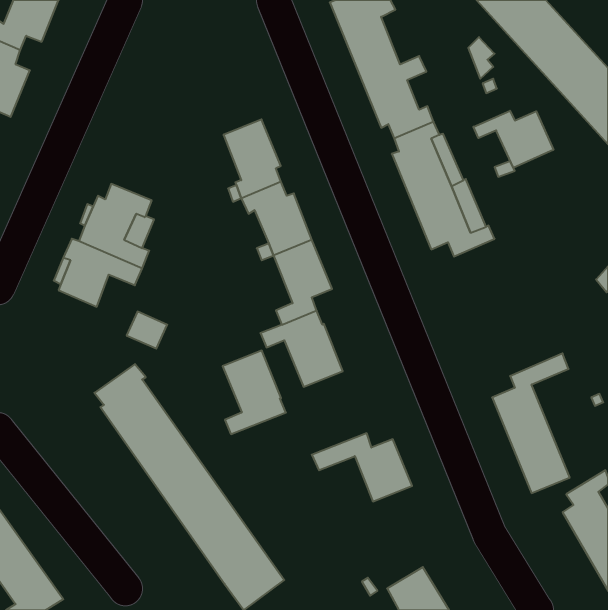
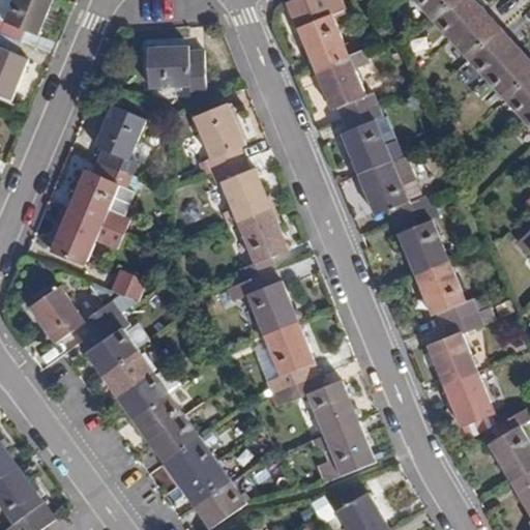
building: none -> [146,47,205,91]
building: [473,111,553,168] -> none
building: none -> [94,106,145,174]
building: none -> [393,206,488,326]
building: none -> [29,287,117,344]
building: [223,351,286,434] -> [263,322,318,394]
building: none -> [312,421,374,481]

